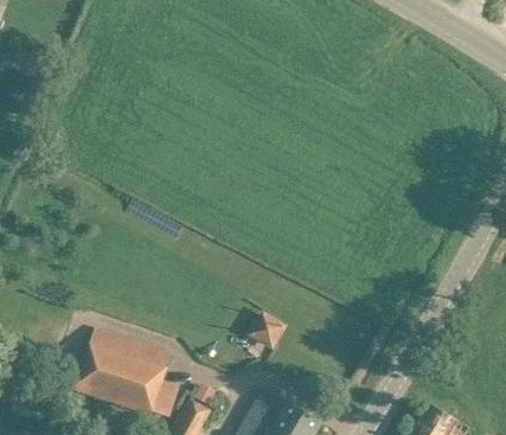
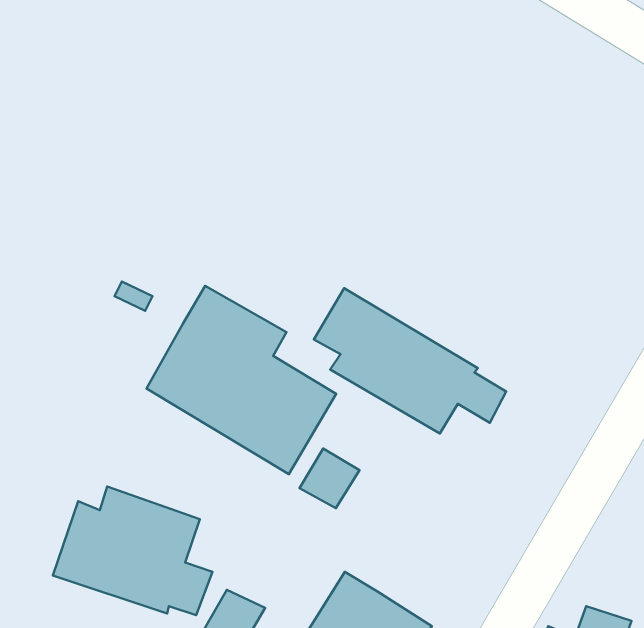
building: none -> [146,286,336,474]
building: none -> [314,288,506,434]

